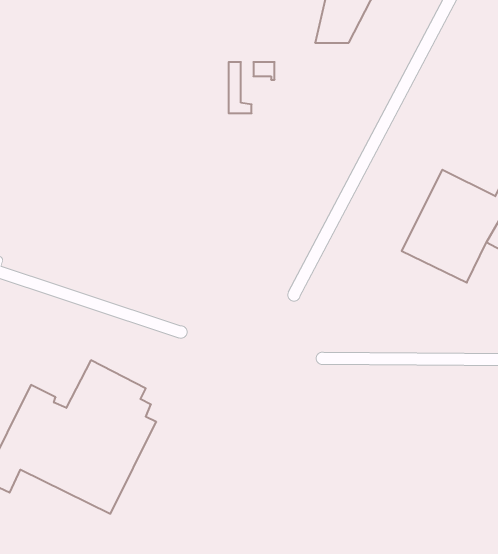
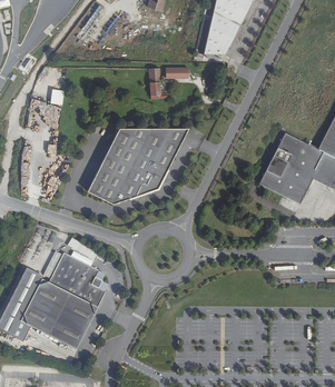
building: none -> [86,128,187,200]

